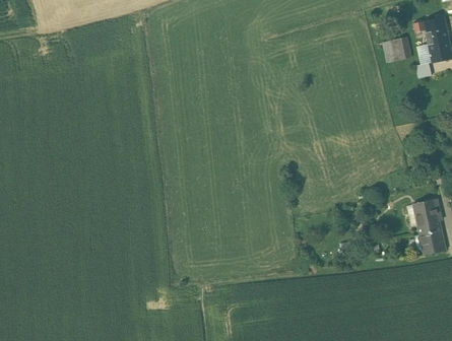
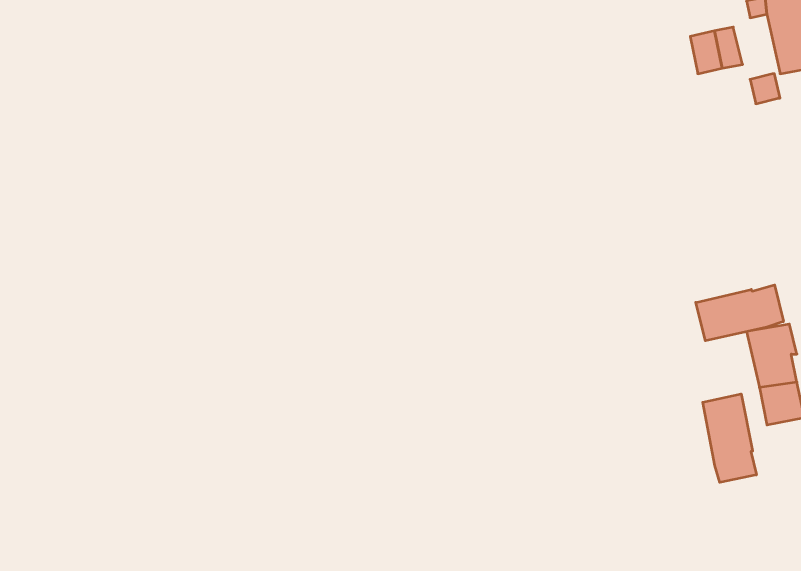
building: none -> [696,285,783,341]
building: none -> [703,394,756,482]

